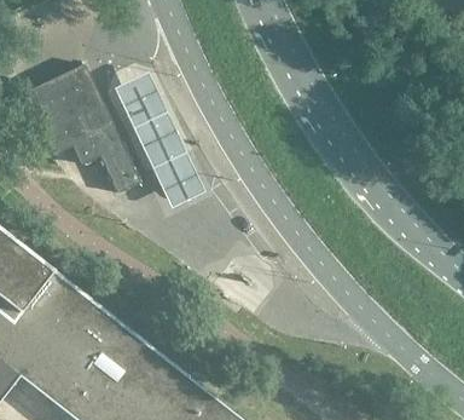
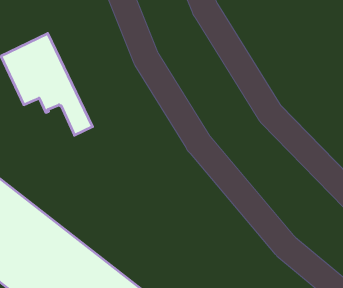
building: [115,71,207,208] -> none

